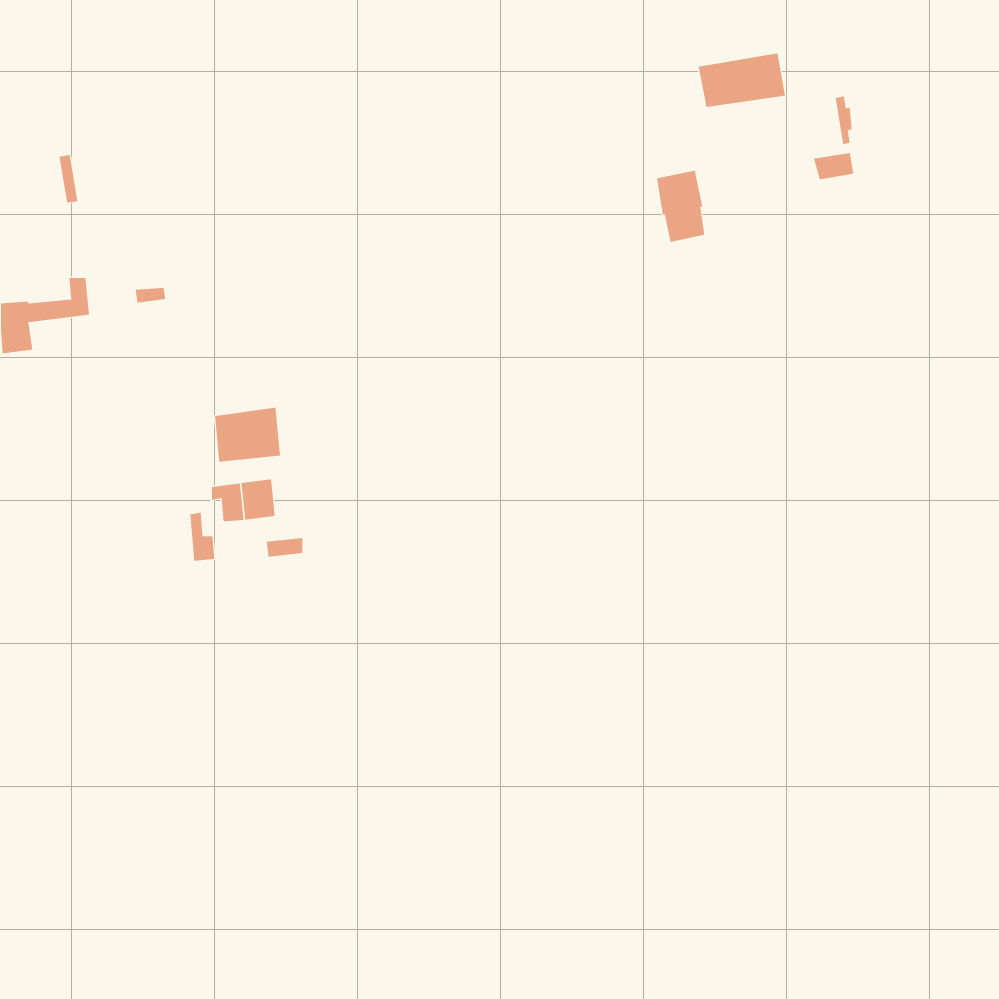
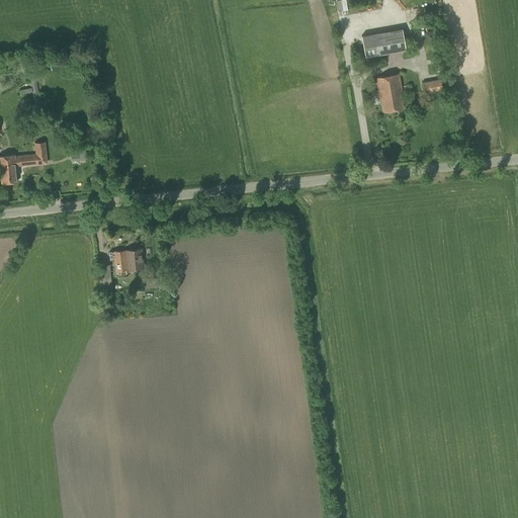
building: [656,170,705,243] -> [377,75,403,112]
building: [214,407,281,463] -> none

